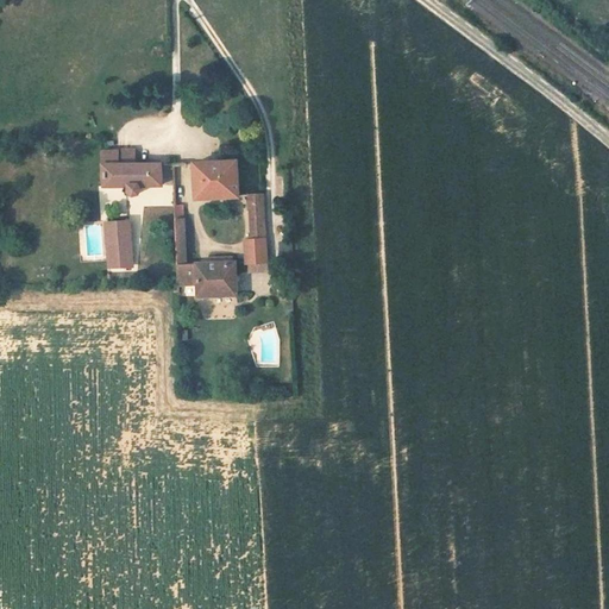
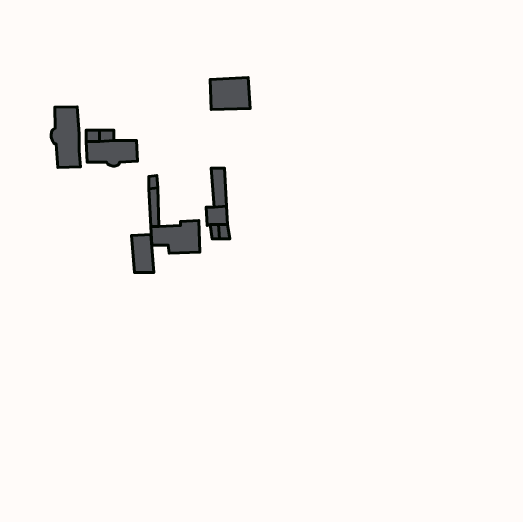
building: none -> [51,107,80,167]
building: [192,161,238,197] -> [210,78,250,109]
building: [105,221,131,265] -> [131,234,154,272]

